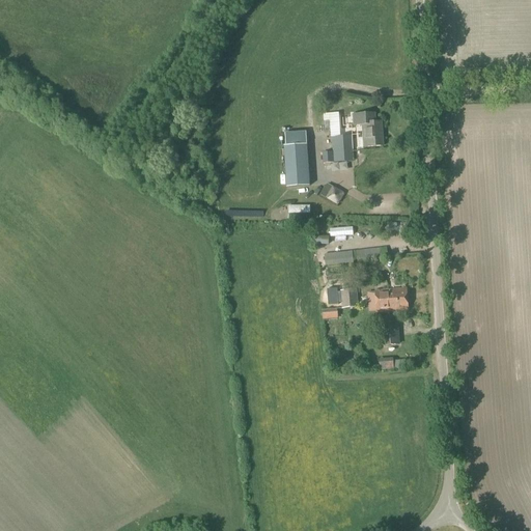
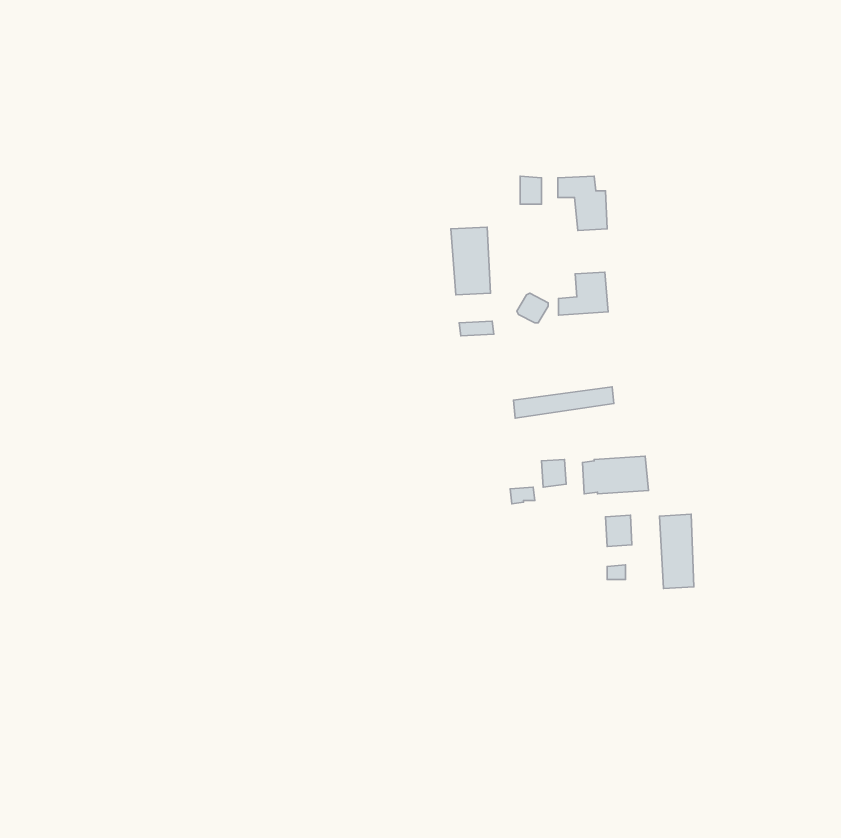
building: [322,135,353,162] -> [559,272,608,315]
building: none -> [659,514,694,589]

